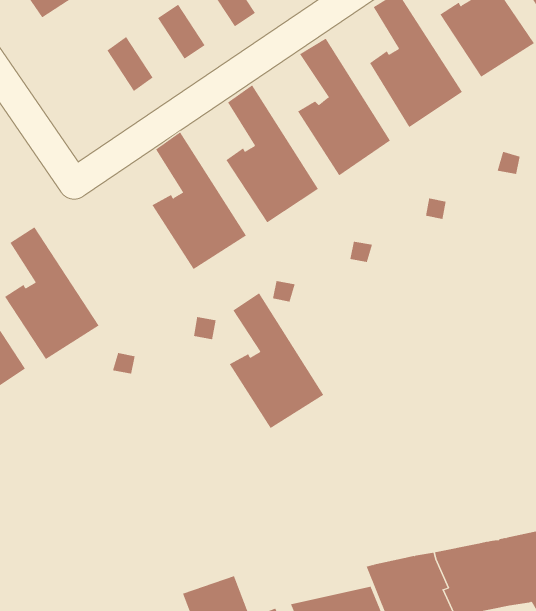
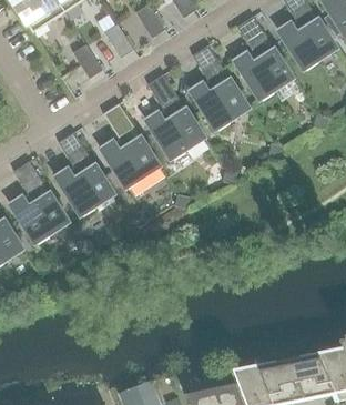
building: [229,292,324,429] -> [55,131,114,215]

